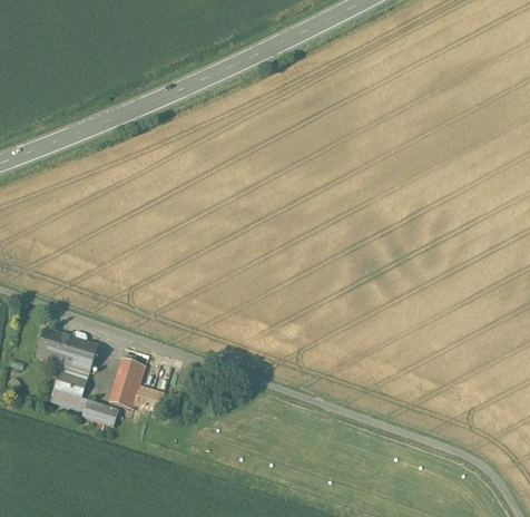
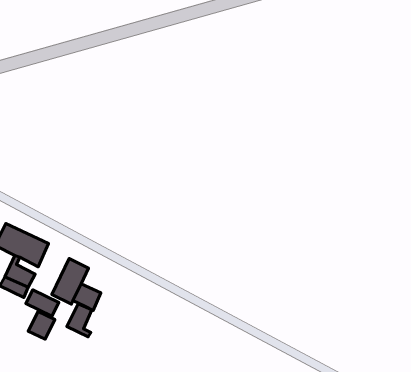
building: none -> [67,304,92,337]
building: none -> [28,311,55,339]

